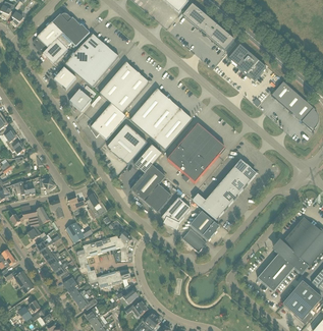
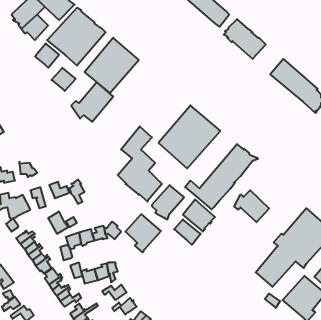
building: [130,88,192,149] -> none
building: [107,124,147,164] -> none
building: none -> [234,190,269,222]
building: none -> [125,214,161,252]

